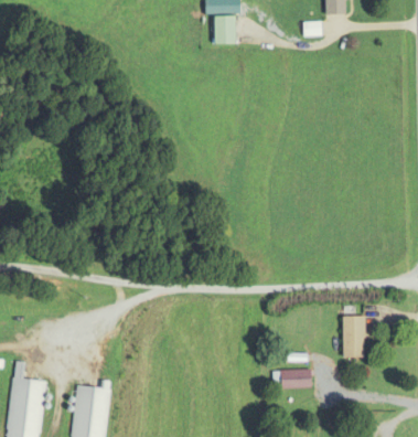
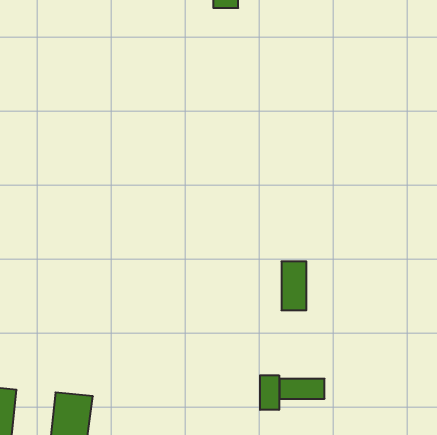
building: [344,316,366,359] -> [281,261,306,310]
building: none -> [260,375,279,410]

